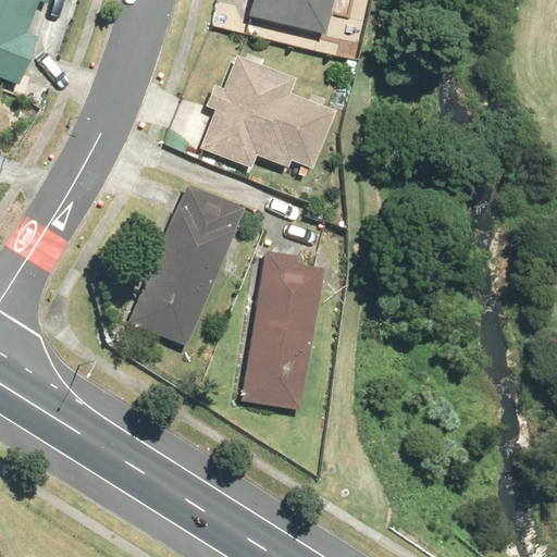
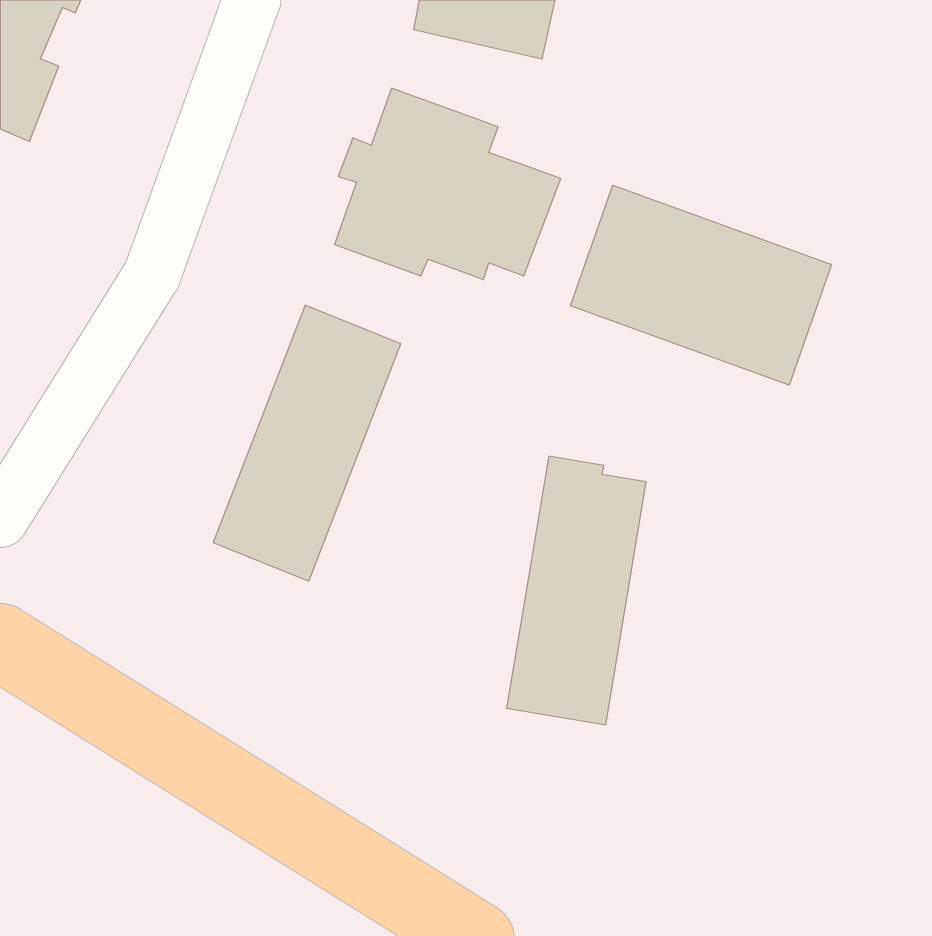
building: none -> [571,185,831,385]
building: [240,250,323,409] -> [506,456,646,725]

